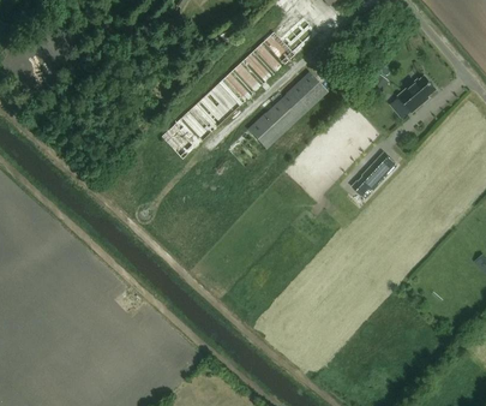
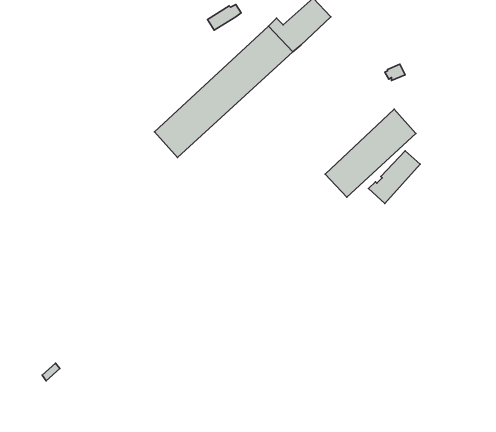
building: [246,71,326,149] -> [325,109,416,197]
building: [397,74,438,113] -> none

